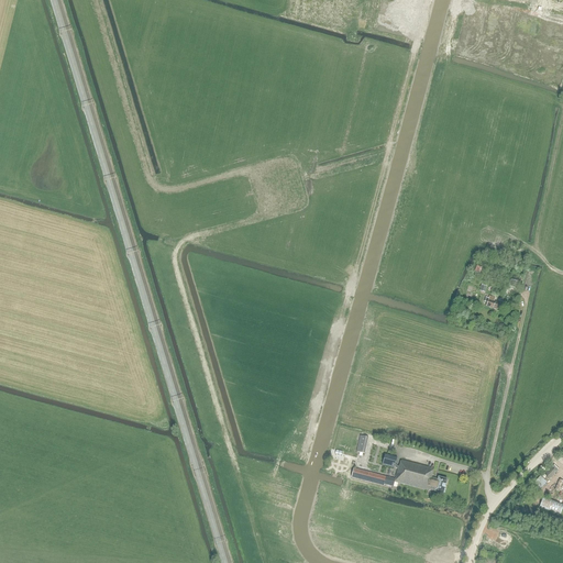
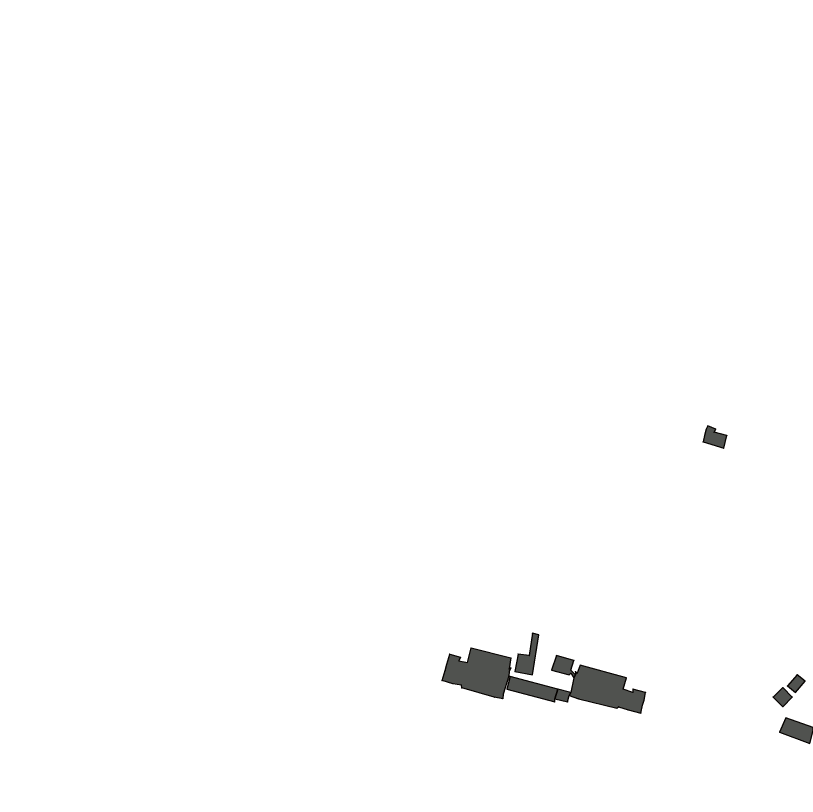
building: none -> [442,648,511,699]

